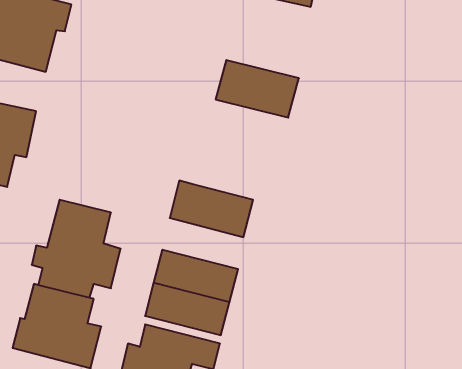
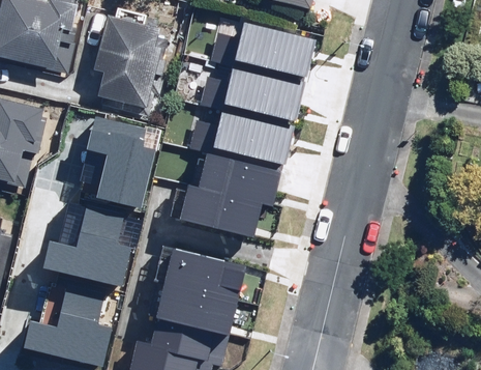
building: none -> [98,21,164,116]
building: none -> [233,22,311,75]
building: none -> [211,110,290,164]
building: none -> [83,113,152,206]
building: none -> [197,153,277,203]

